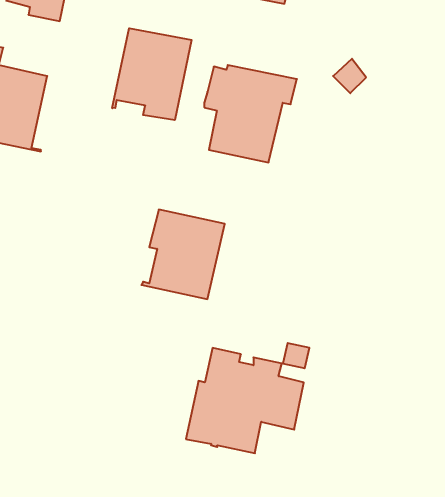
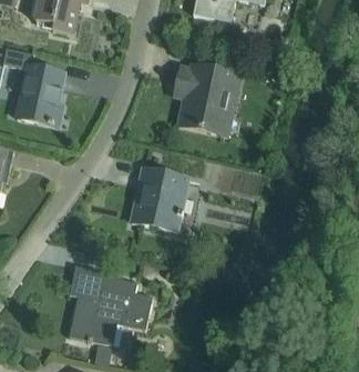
building: [112,28,192,120] -> none
building: [186,348,304,453] -> [70,272,153,346]

